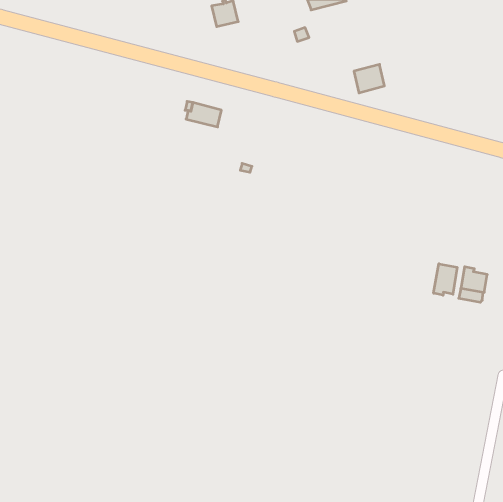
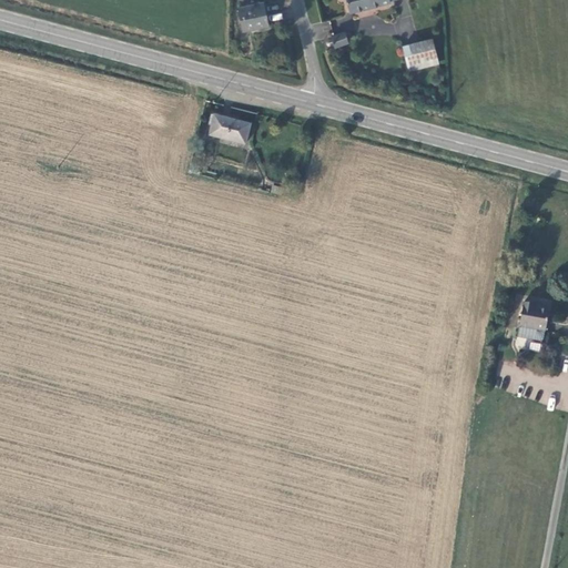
building: [354,64,384,93] -> [404,38,438,70]
building: [434,264,457,295] -> none

